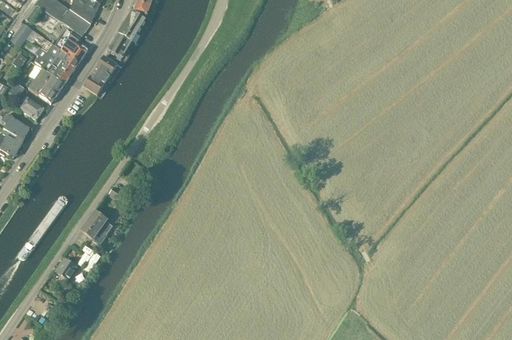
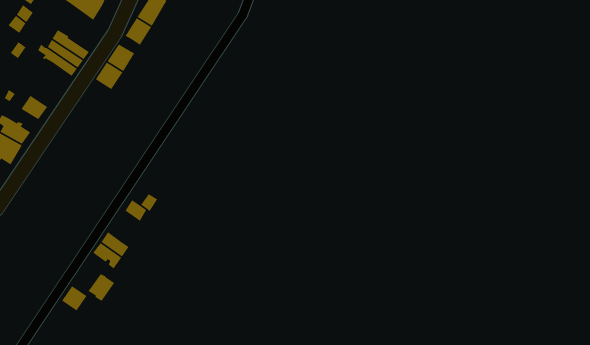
building: [61,32,87,62] -> none
building: [28,68,64,103] -> none

